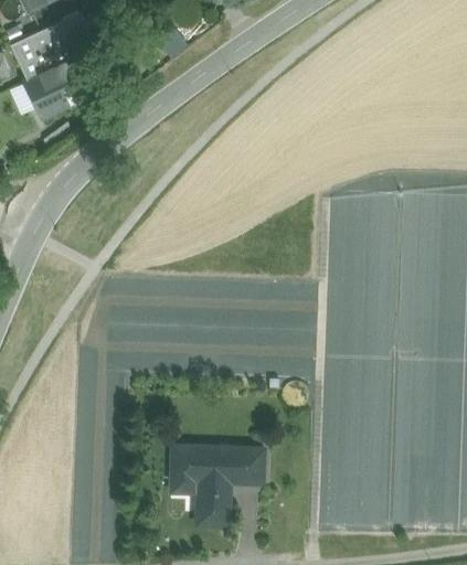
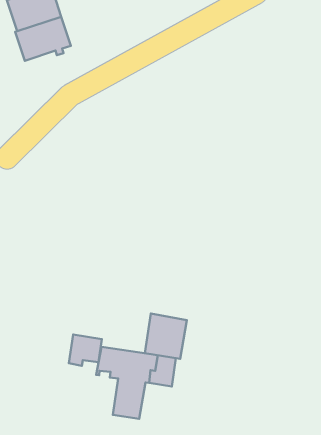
building: none -> [145,313,187,359]
building: none -> [69,335,102,366]

